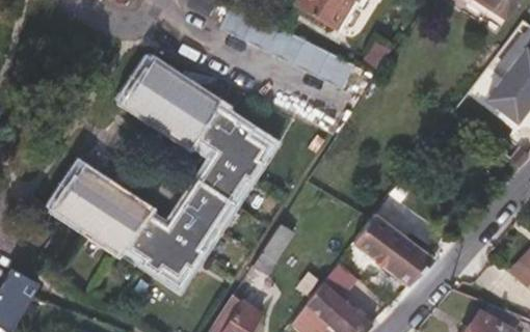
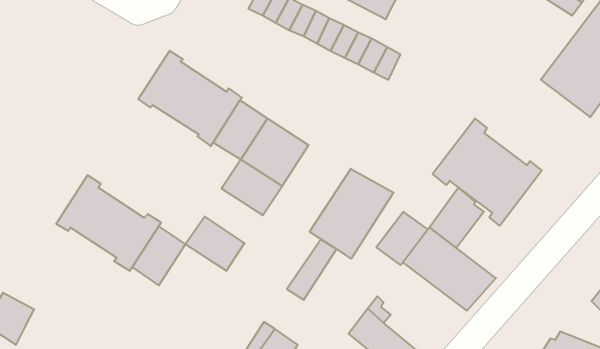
building: none -> [433,118,542,226]
building: none -> [310,169,394,259]
building: [183,181,233,227] -> none
building: none -> [376,212,428,265]
building: [143,228,202,286] -> none

